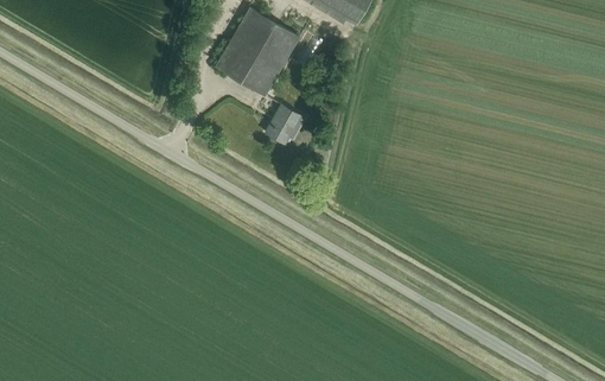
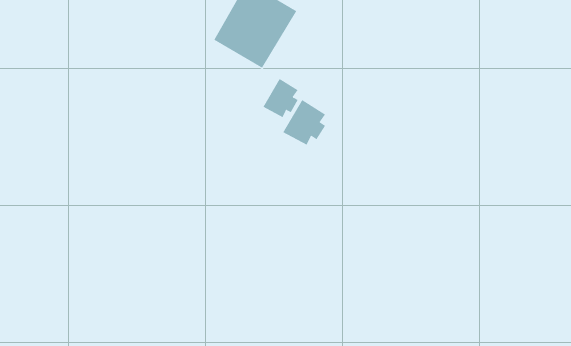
building: none -> [283,99,326,146]

